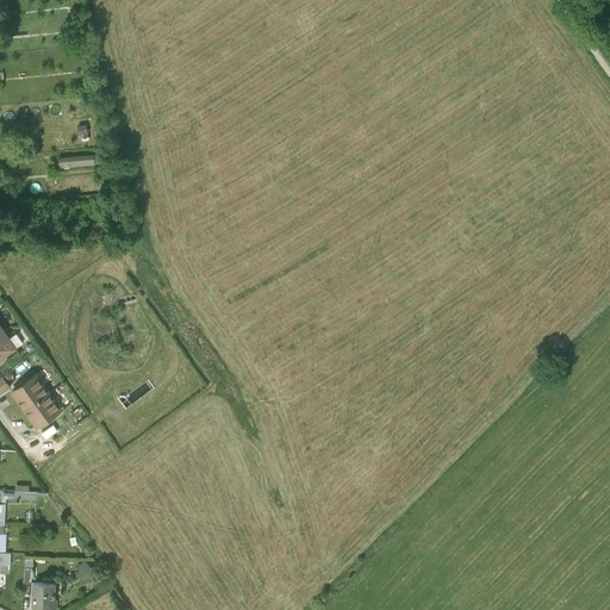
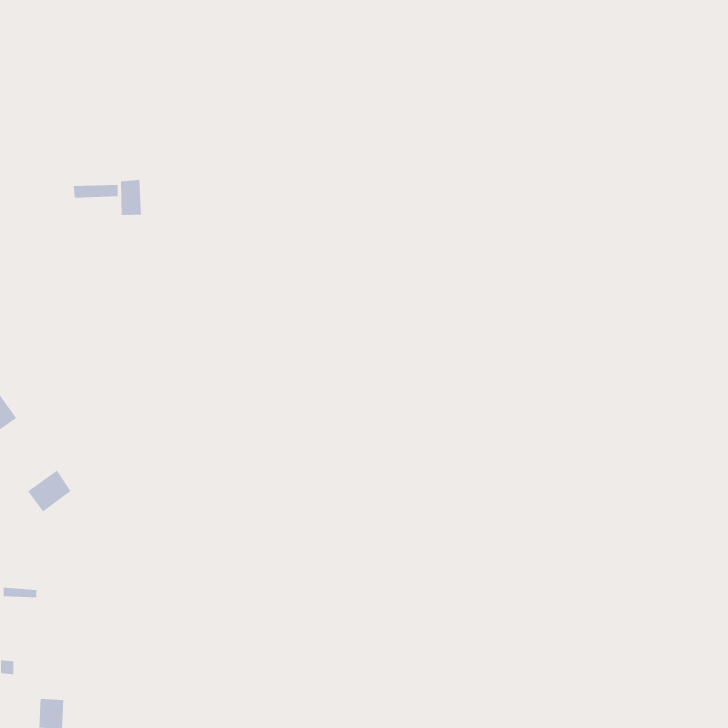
building: none -> [120,179,142,216]
building: [11,376,48,411] -> none

